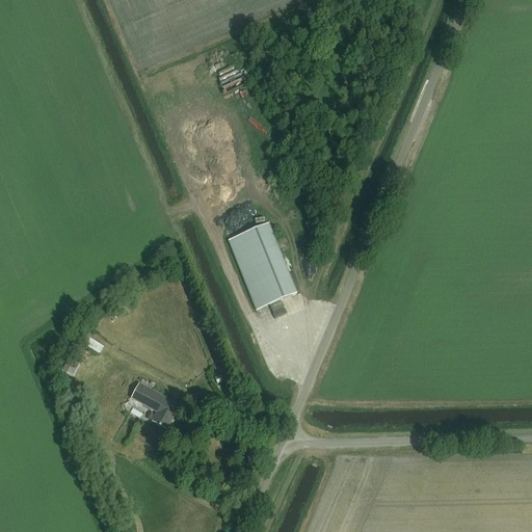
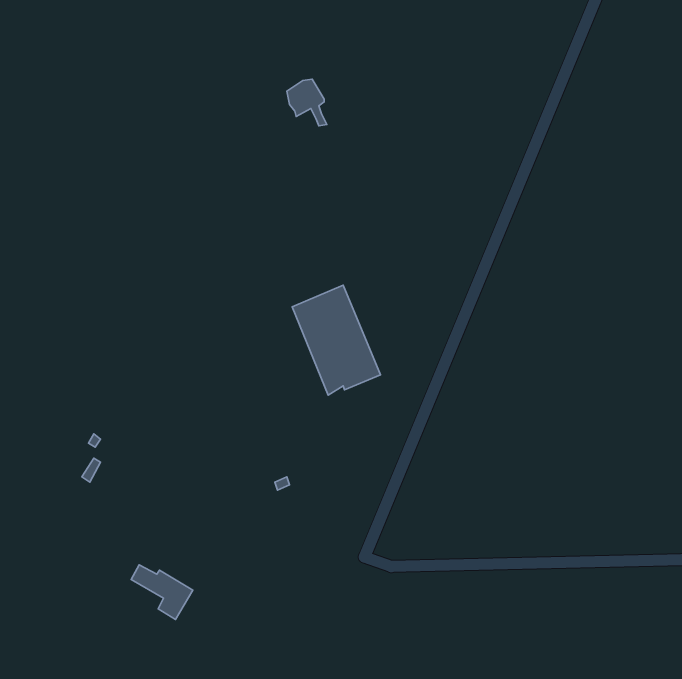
building: [130,383,178,426] -> [131,565,193,620]

